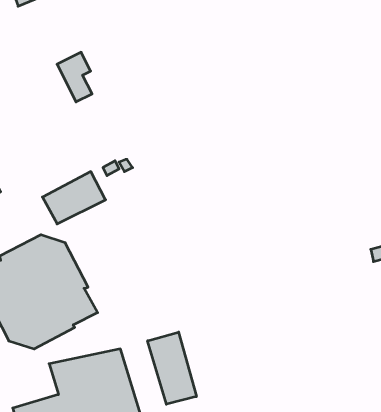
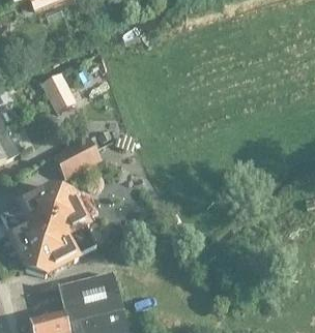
building: [57,52,92,102] -> [40,72,67,111]
building: [148,332,196,404] -> none

